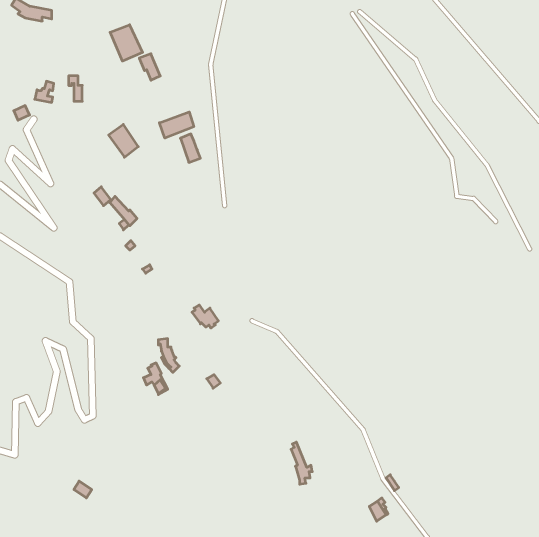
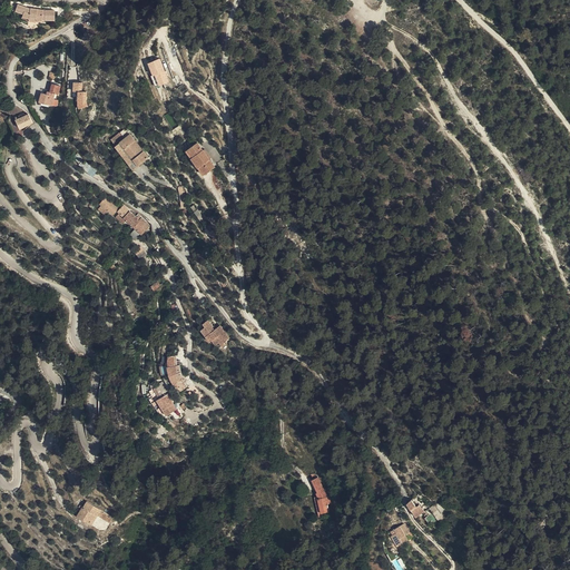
building: [110,25,143,61] -> none
building: [159,112,194,138] -> none

